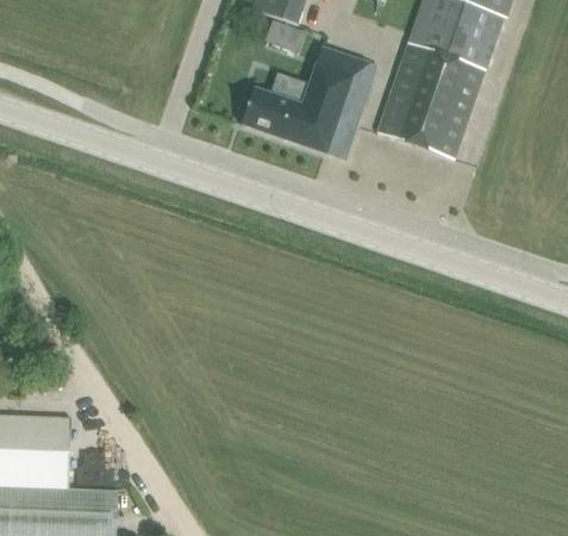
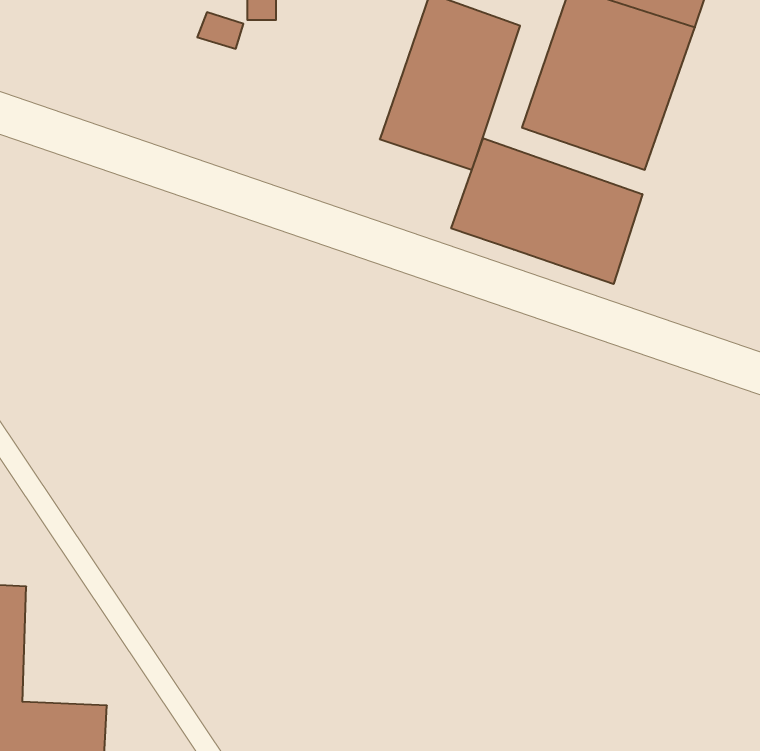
building: [241,88,300,139] -> none
building: none -> [451,138,642,284]

